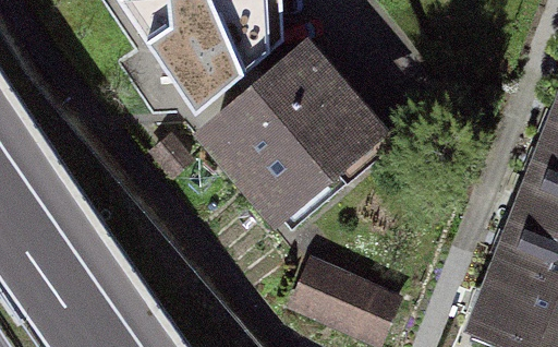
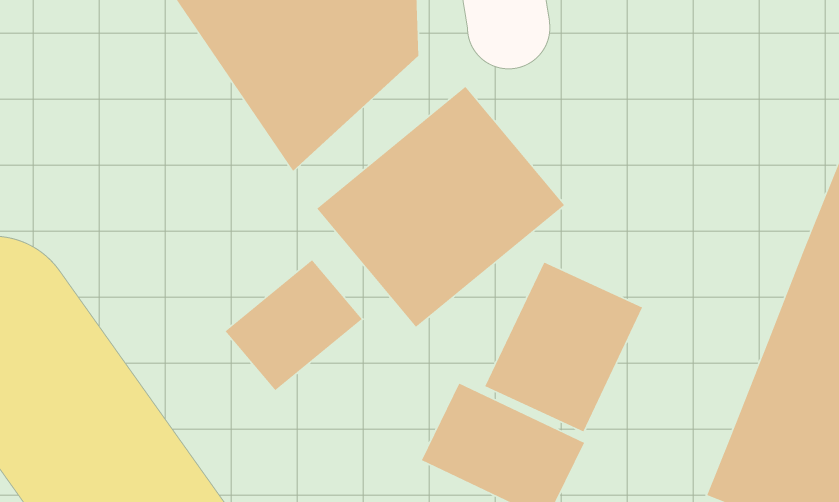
building: none -> [225,259,363,391]
building: none -> [484,261,643,433]

